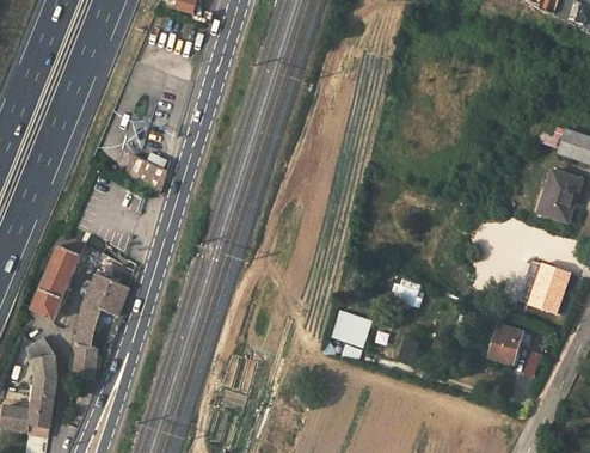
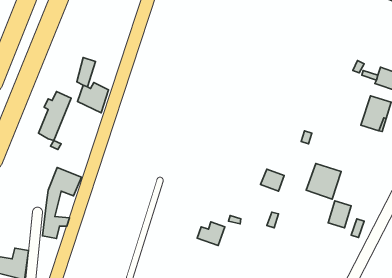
building: [30,246,78,318] -> [38,92,71,141]
building: [517,261,569,313] -> [306,163,341,199]
building: [332,313,373,348] -> [197,222,225,246]
building: [24,339,56,397] -> none

